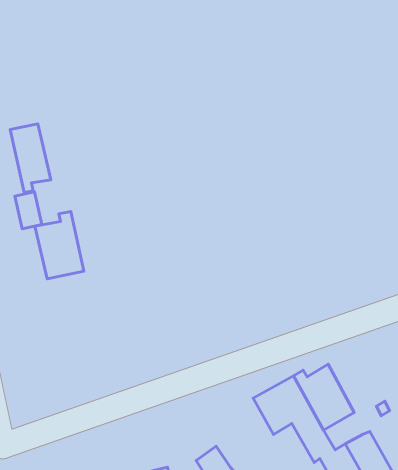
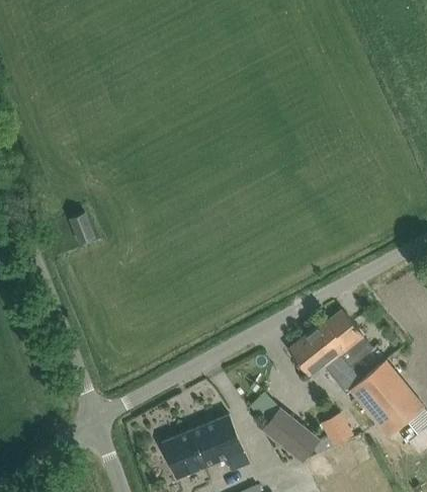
building: [10,124,51,192] -> none
building: [35,212,84,279] -> none

